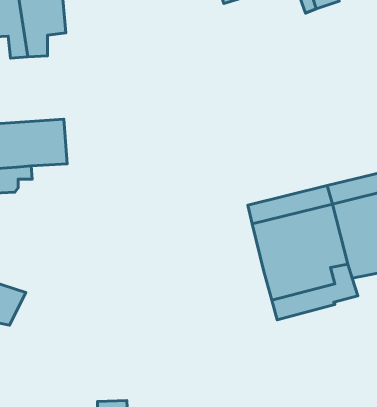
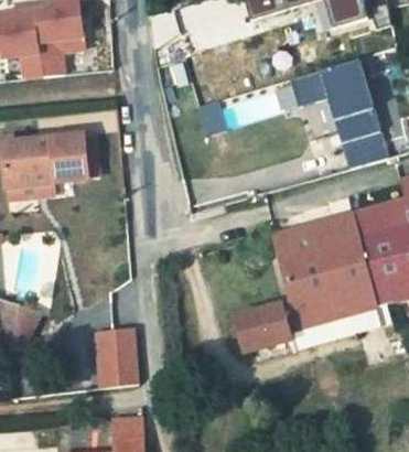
building: none -> [282,63,383,173]
building: none -> [230,295,298,354]
building: none -> [94,329,139,389]

